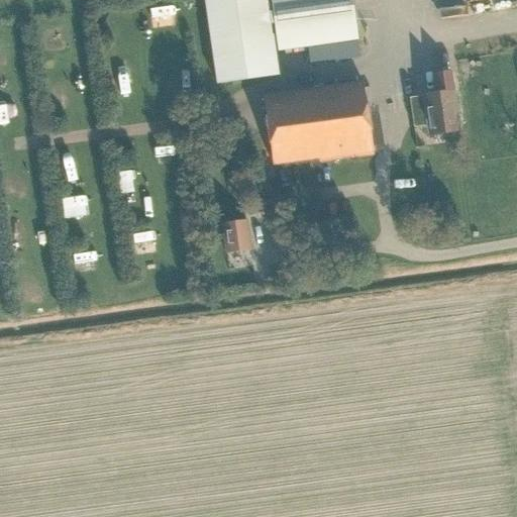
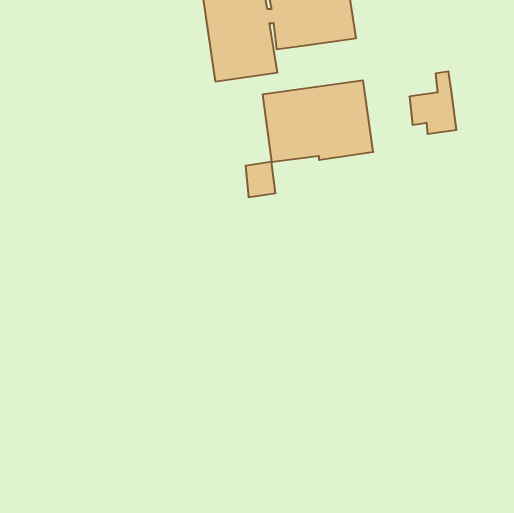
building: [308,38,359,62] -> none
building: [221,217,251,252] -> [245,162,276,197]

